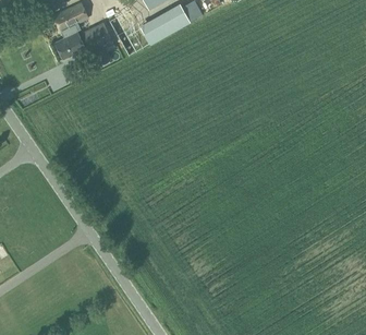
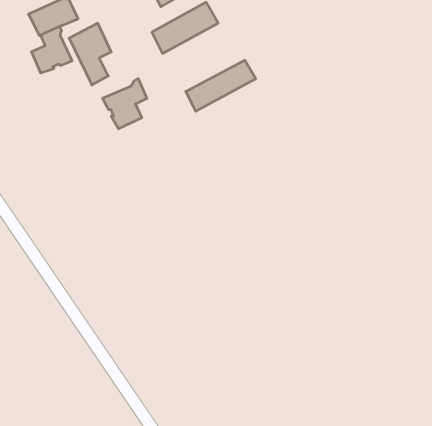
building: none -> [186,60,256,111]
building: none -> [103,79,147,129]

